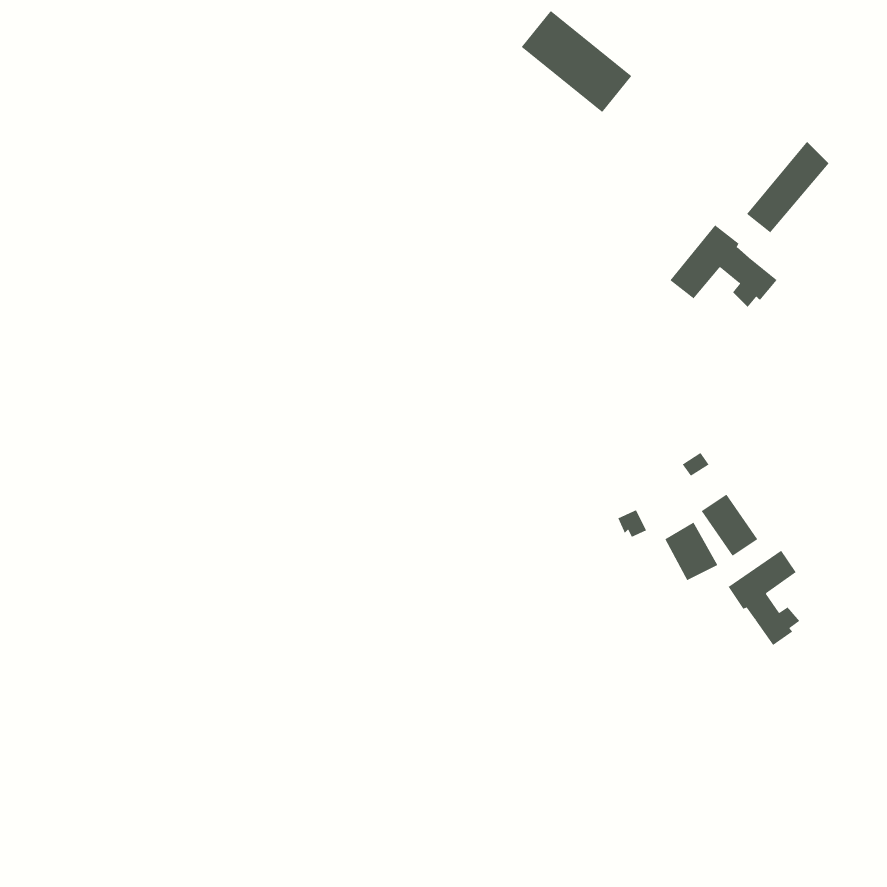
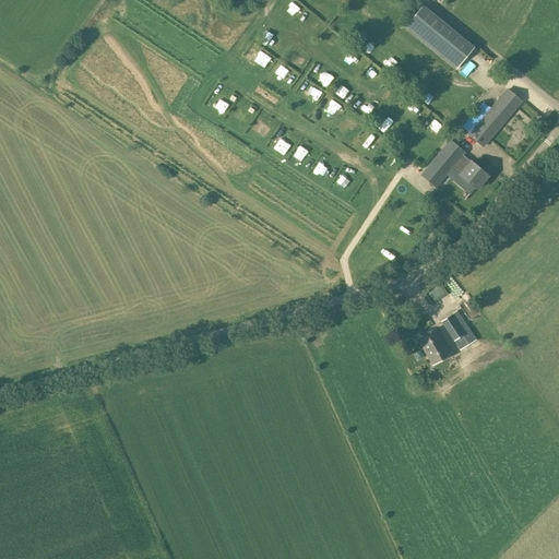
building: [521,10,632,113] -> [405,4,475,69]
building: [728,550,800,646] -> none

